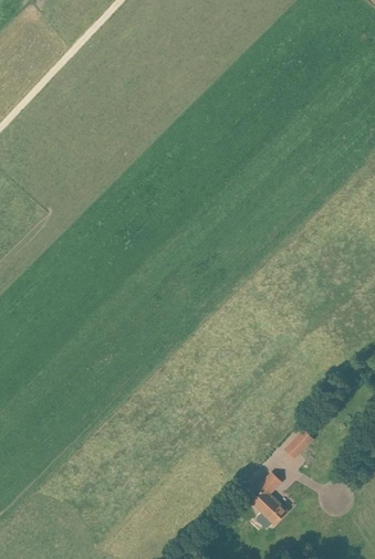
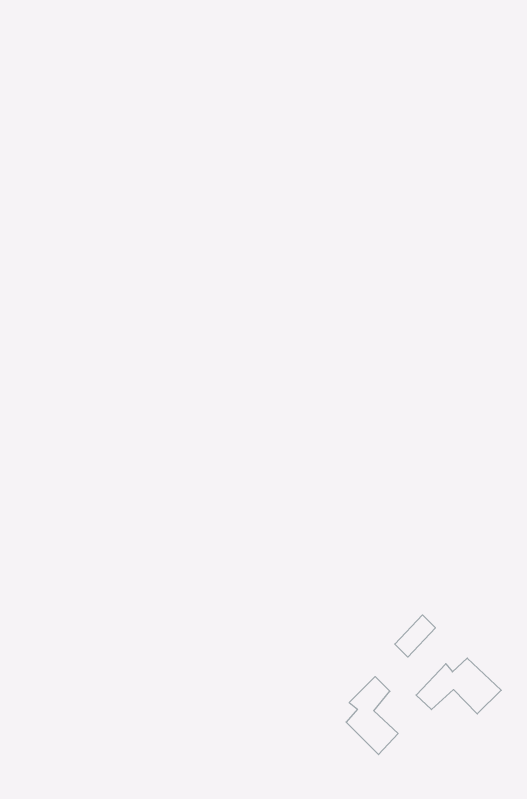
building: none -> [416,658,501,714]

